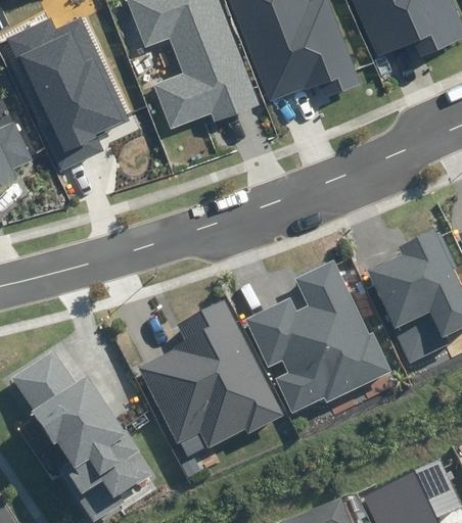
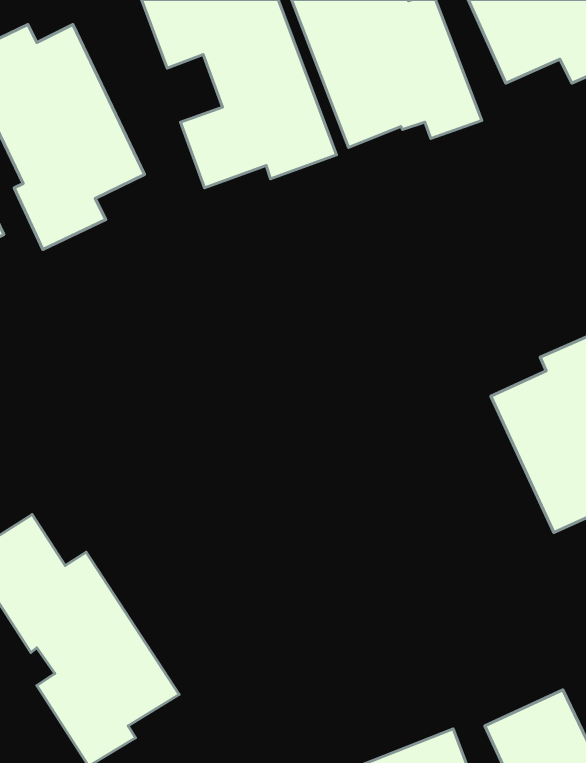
building: [245,262,392,413] -> none
building: [138,299,284,447] -> none

